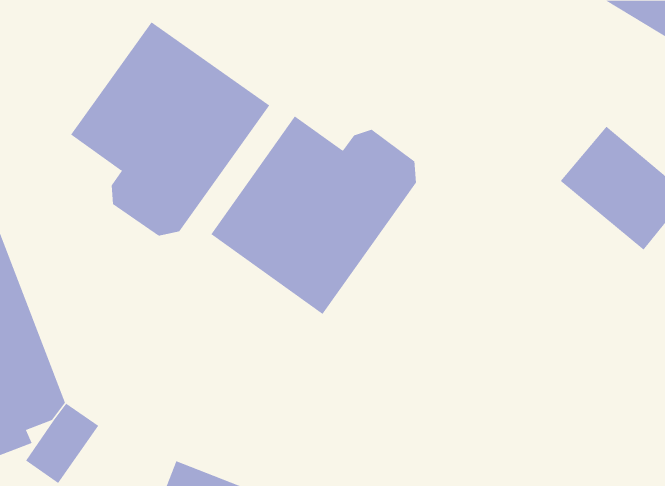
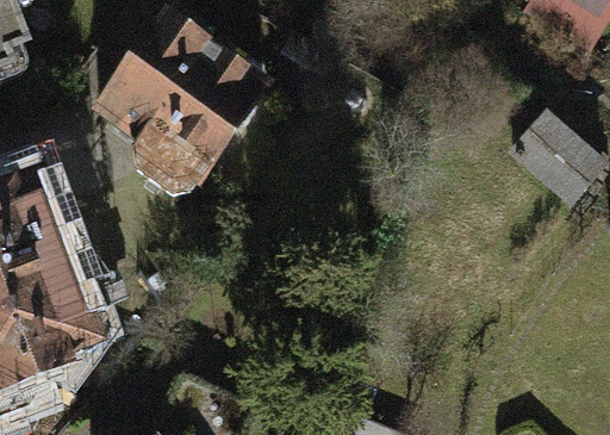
building: [211,116,417,315] -> none

